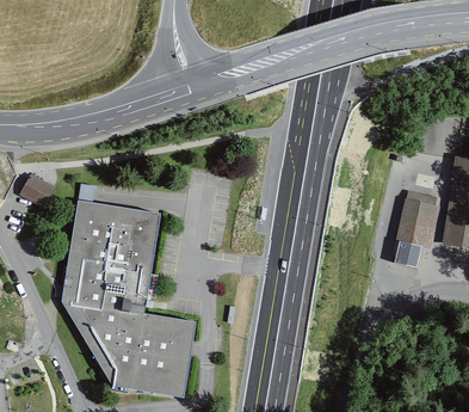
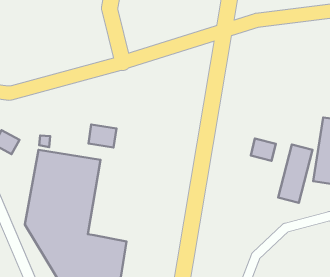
building: none -> [88,124,116,148]
building: none -> [251,139,276,161]

